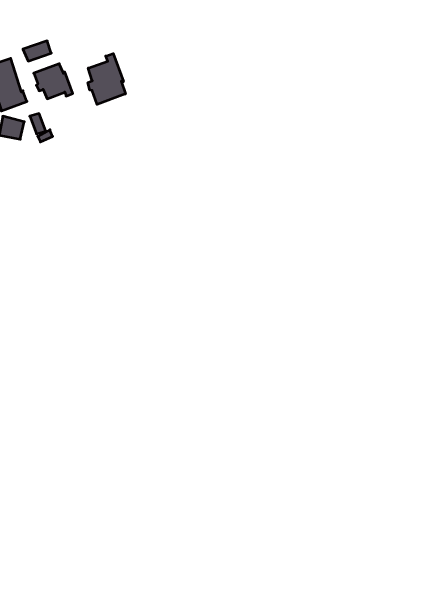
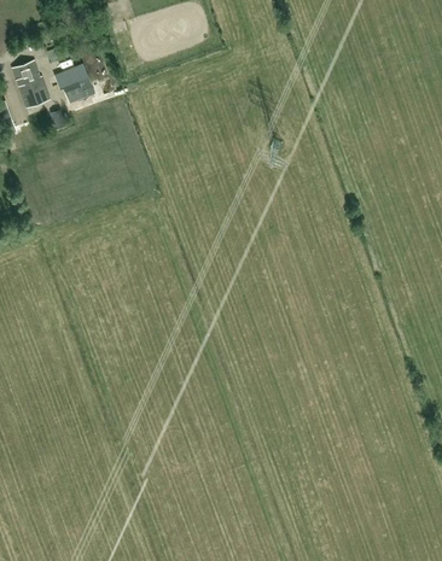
building: [88,54,125,104] -> none

